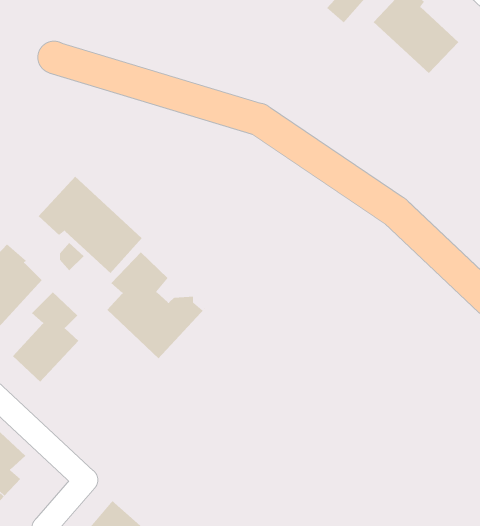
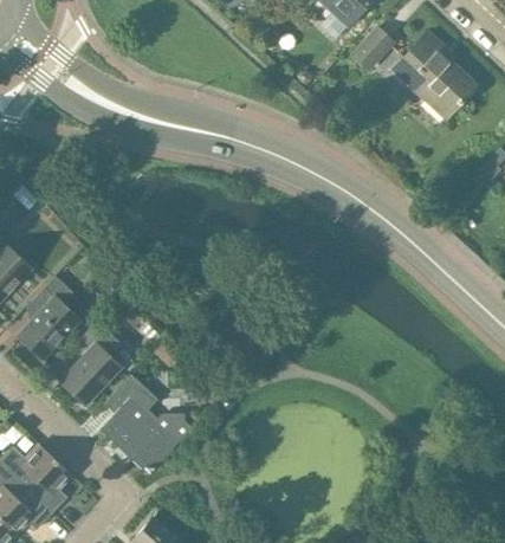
building: [38,176,142,274] -> none
building: [107,251,205,359] -> [99,374,192,474]

